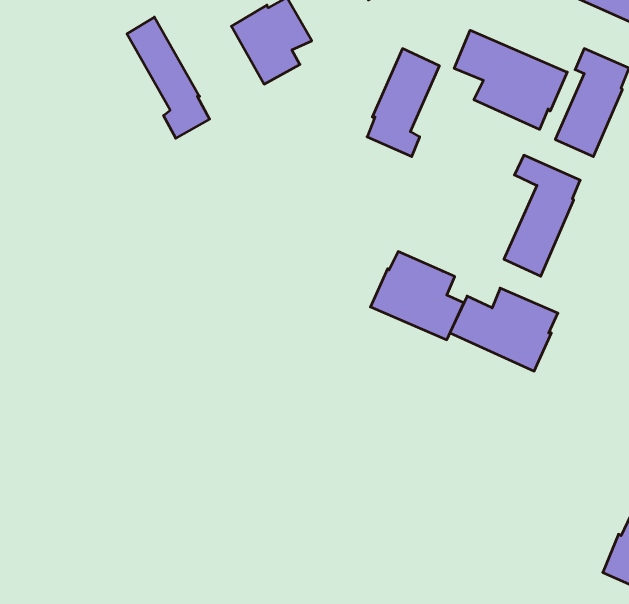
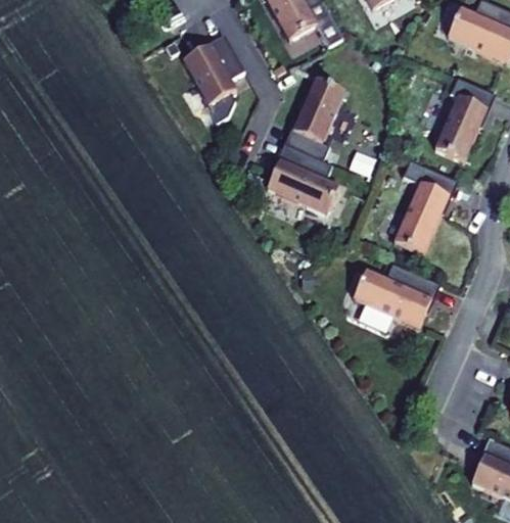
building: [127,17,210,138] -> none
building: [454,30,567,129] -> none
building: [370,252,464,340] -> [267,146,339,215]

